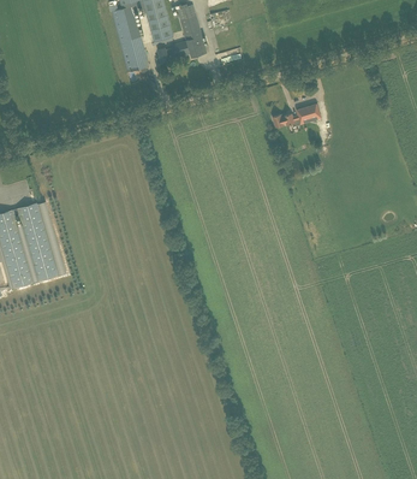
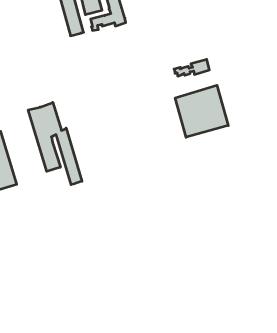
building: none -> [175,85,228,137]
building: none -> [28,102,82,185]

